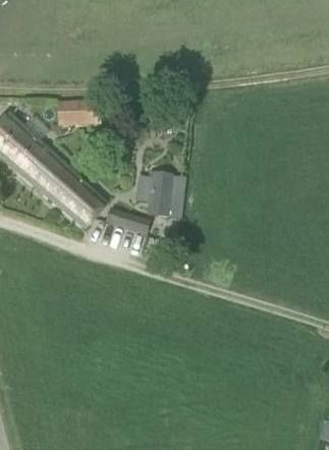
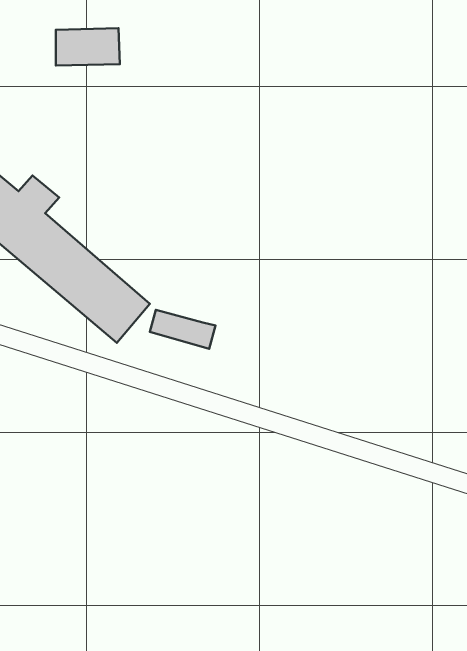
building: [59,100,101,124] -> [56,28,120,66]
building: [147,171,184,216] -> none

